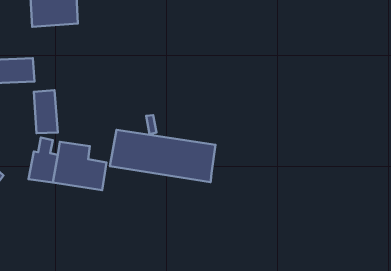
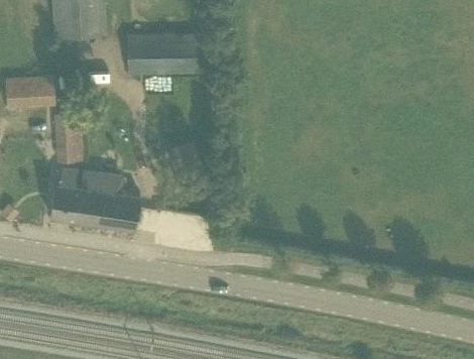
building: none -> [126,32,198,74]
building: [110,130,216,182] -> none

